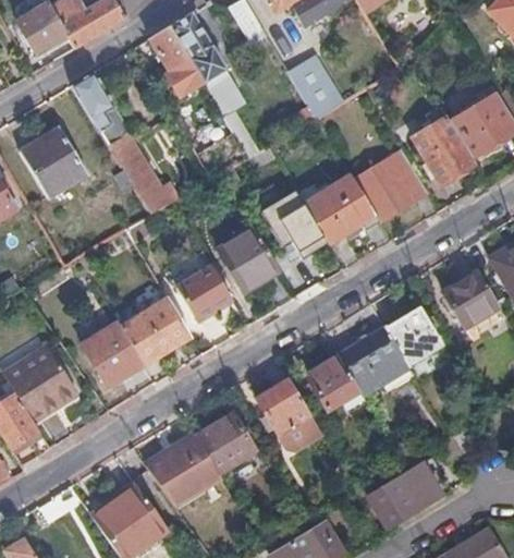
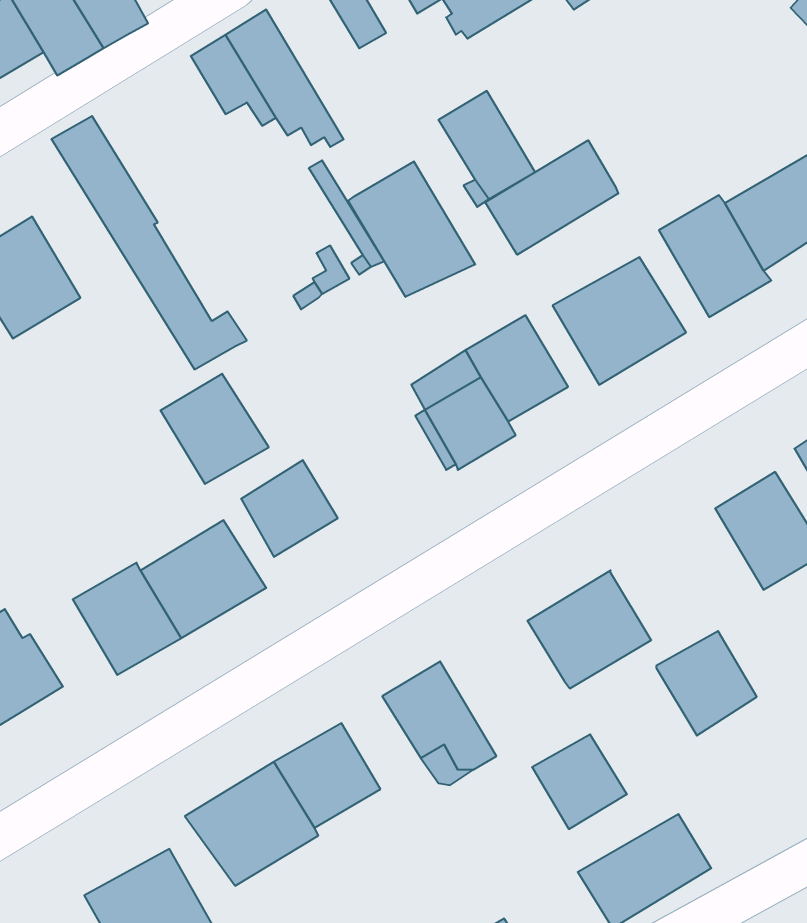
building: none -> [484,140,618,255]
building: none -> [348,161,475,297]
building: [219,228,280,290] -> [160,374,269,484]
building: [386,307,442,366] -> [656,631,757,736]
building: [306,355,359,409] -> [532,734,627,829]

